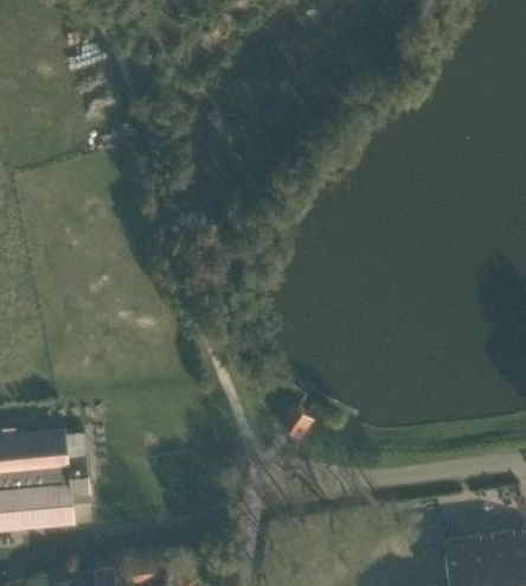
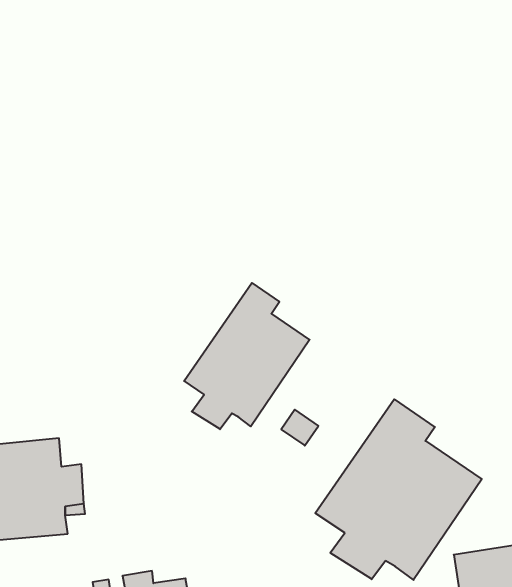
building: none -> [184,283,310,429]
building: none -> [315,399,482,580]

